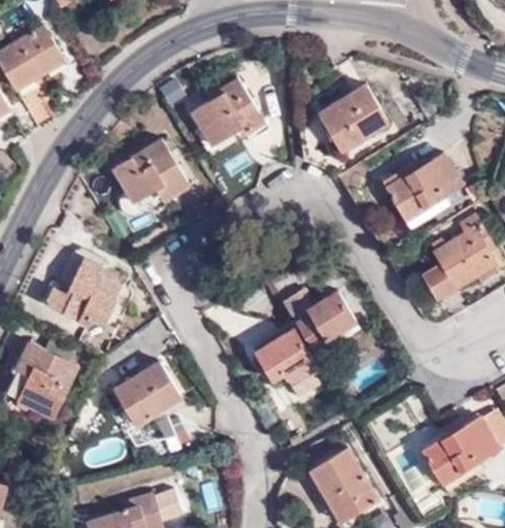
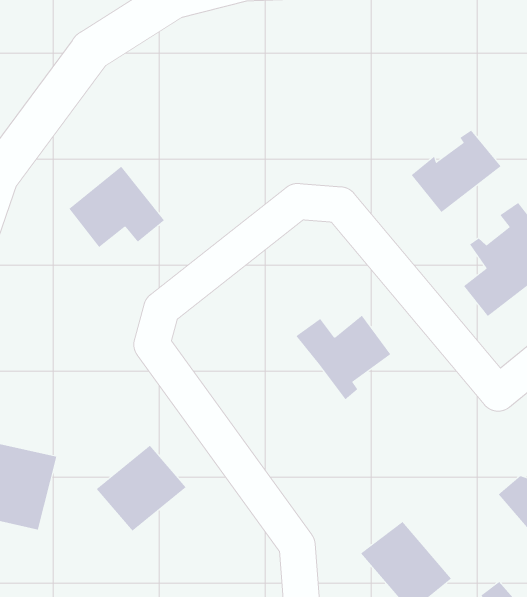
building: [197,77,263,142] -> none
building: [319,87,384,145] -> none
building: [47,259,124,332] -> none
building: [257,322,323,382] -> none

